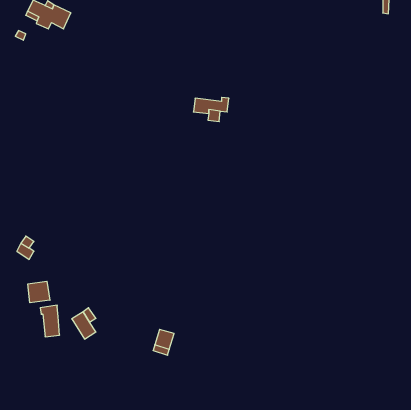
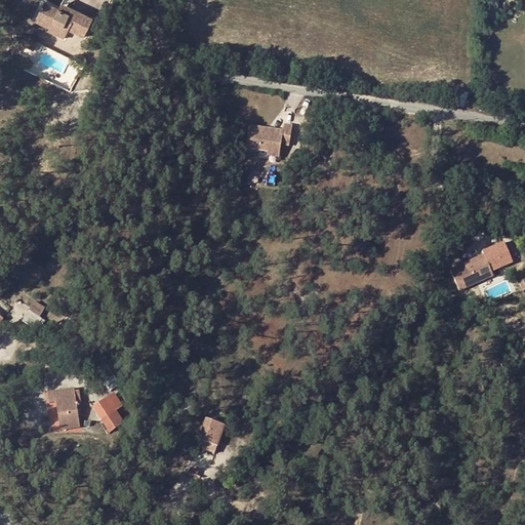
building: none -> [450,241,513,289]
building: [28,281,50,303] -> none

